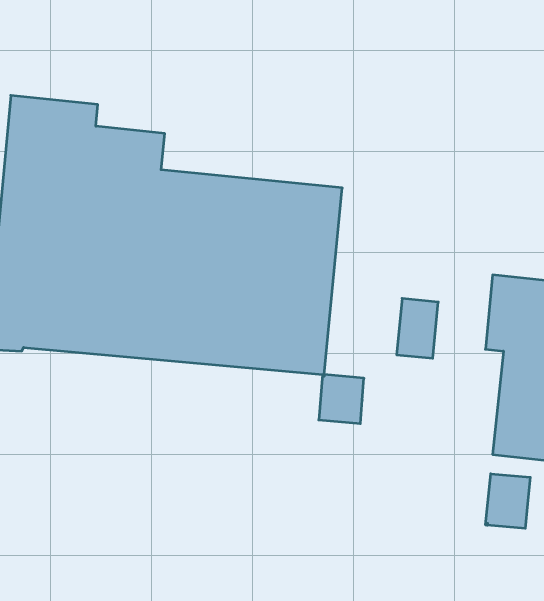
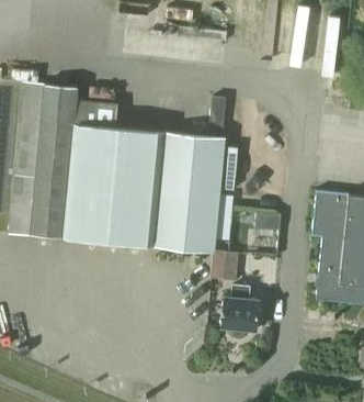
building: none -> [219,287,258,332]
building: [486,474,530,528] -> none

